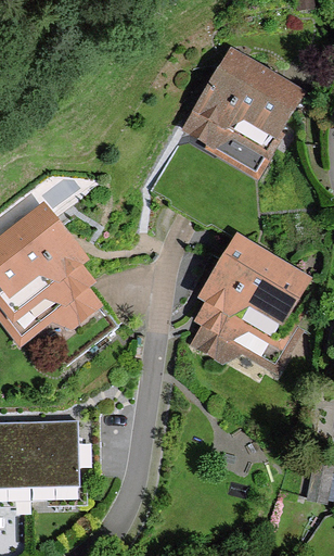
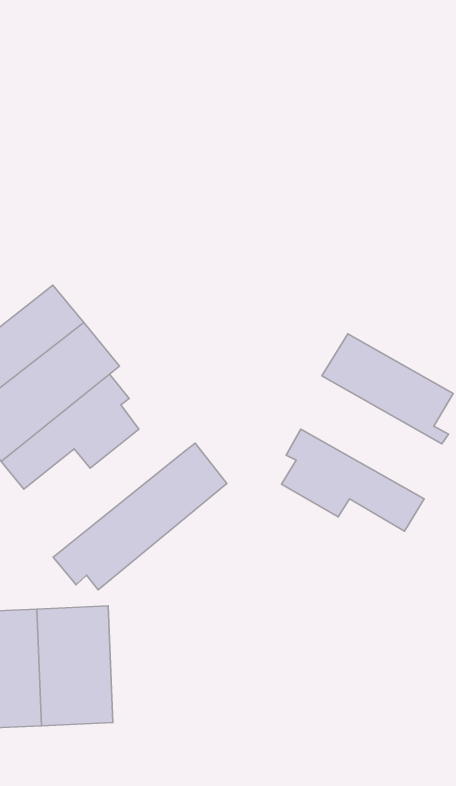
building: [181,50,303,174] -> none
building: [203,265,300,348] -> none
building: none -> [53,443,227,590]

